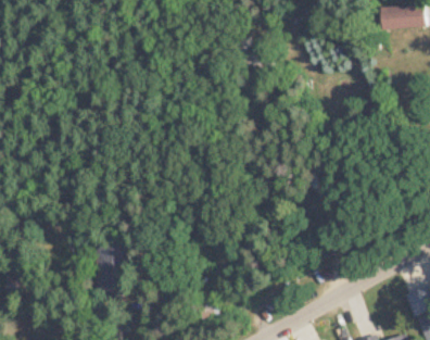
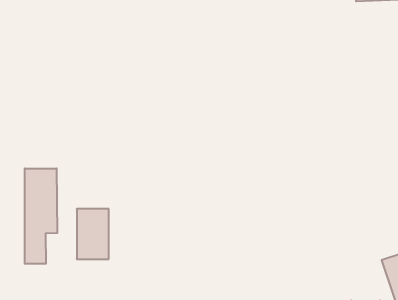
building: none -> [25,168,57,264]

